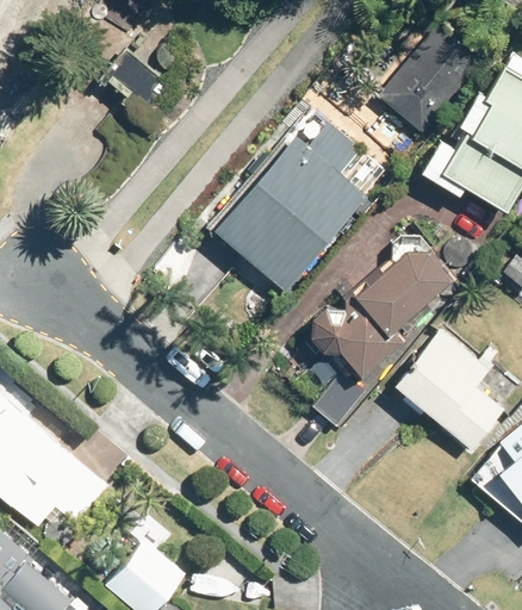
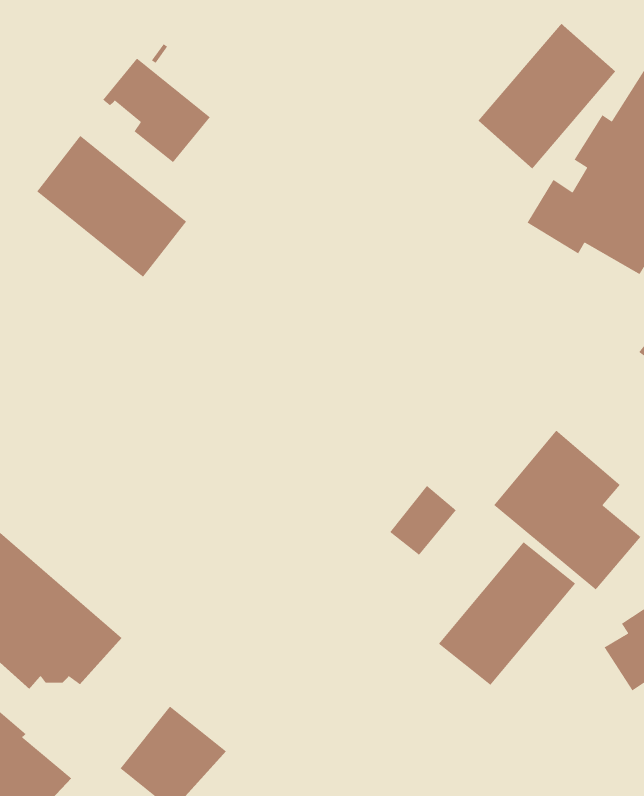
building: none -> [36,135,187,278]
building: [210,123,366,293] -> none
building: [307,251,450,376] -> none
building: none -> [438,541,576,686]

